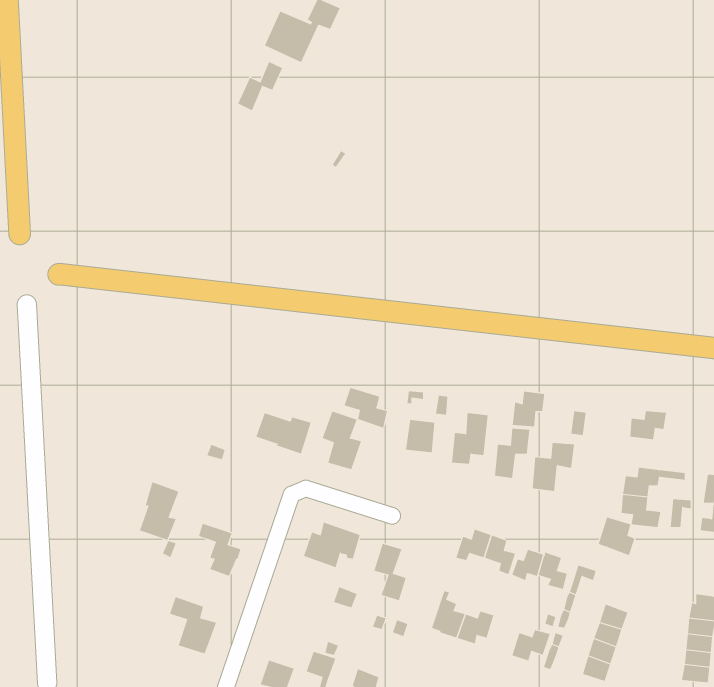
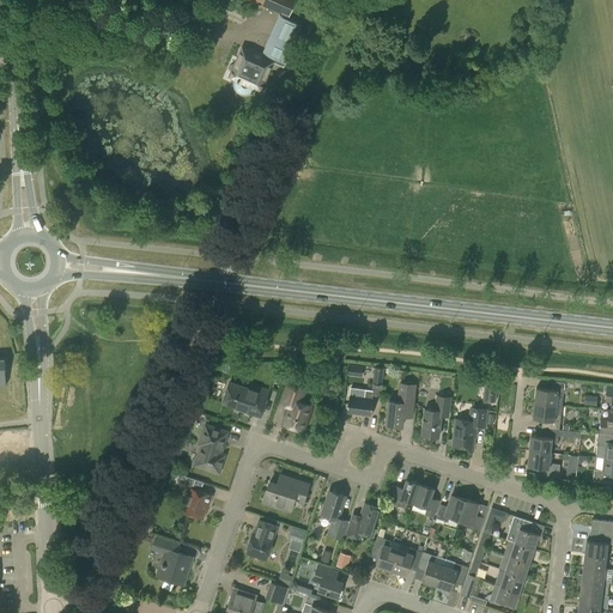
building: [237,61,283,111] -> none
building: [344,387,387,428] -> none
building: [512,391,545,427] -> none
building: none -> [532,403,560,431]
building: [139,481,179,540] -> [194,425,227,474]
building: [598,517,635,556] -> [506,517,538,550]
building: none -> [345,503,380,540]
building: none -> [245,521,277,562]
building: none -> [415,552,442,585]
building: none -> [311,565,341,599]

